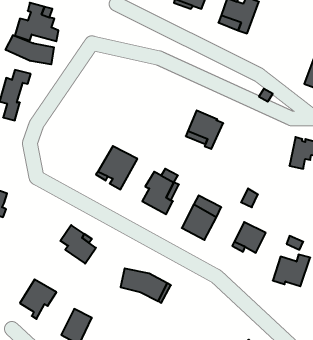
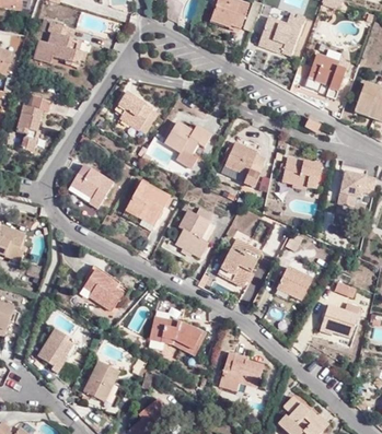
building: none -> [306,54,347,98]
building: [6,35,54,64] -> none
building: none -> [114,91,154,129]
building: none -> [164,120,211,166]
building: none -> [281,155,321,189]
building: none -> [68,163,113,208]
building: none -> [219,352,263,389]

